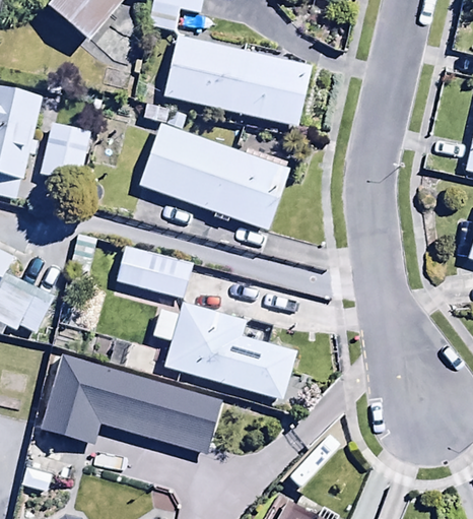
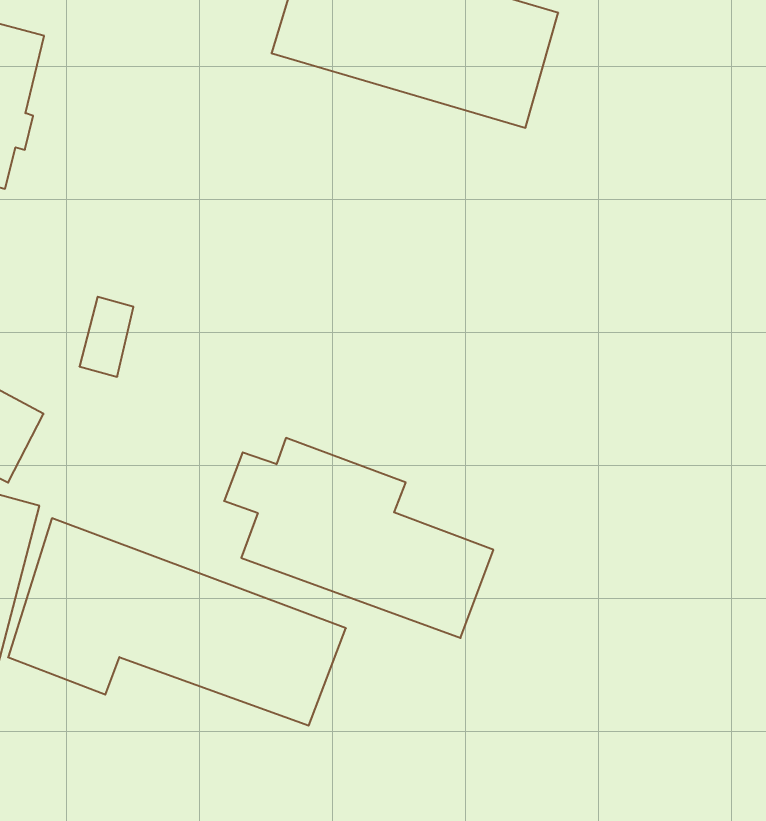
building: [139,104,289,231] -> none
building: [40,123,91,185] -> none
building: [113,246,191,299] -> none

